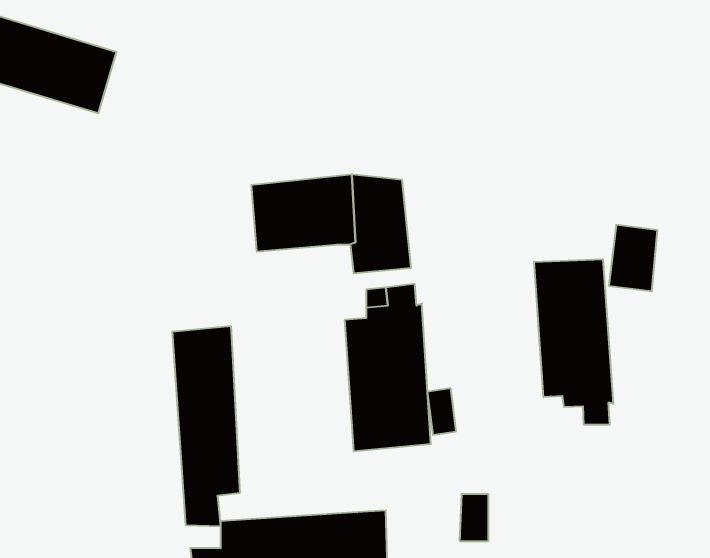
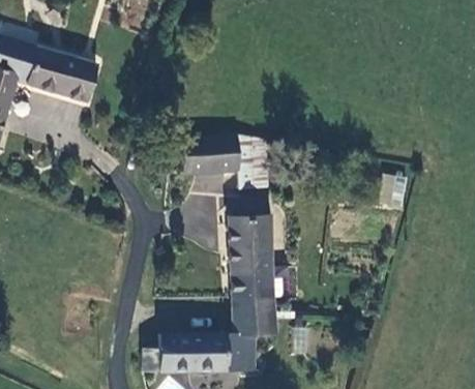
building: [534,259,613,425] -> none
building: [173,326,240,527] -> none
building: none -> [232,293,279,332]

